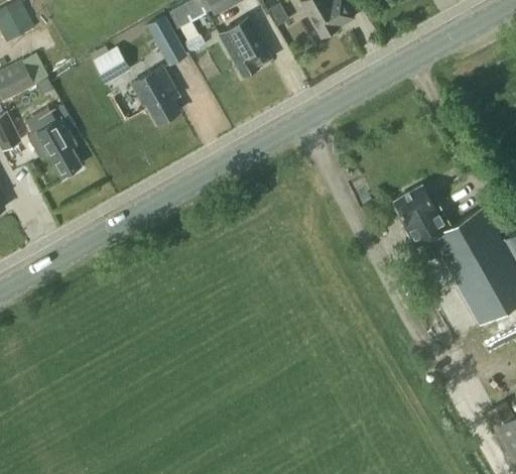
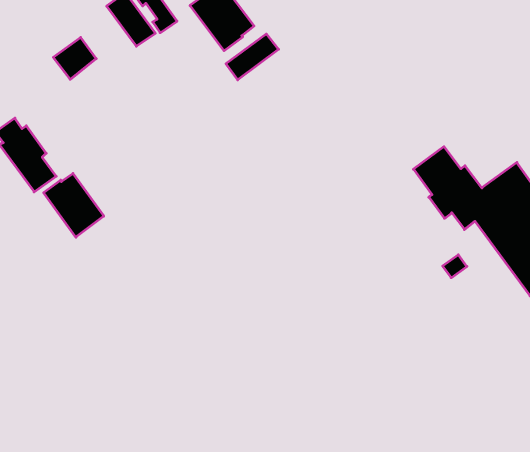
building: none -> [226,34,279,80]
building: [131,68,179,124] -> none
building: none -> [44,173,104,237]

